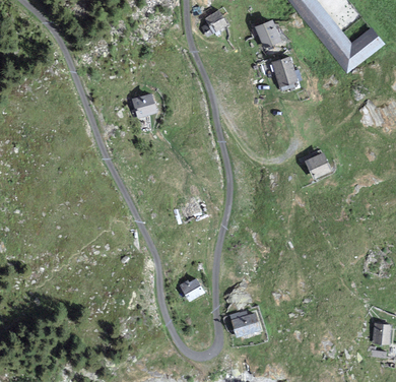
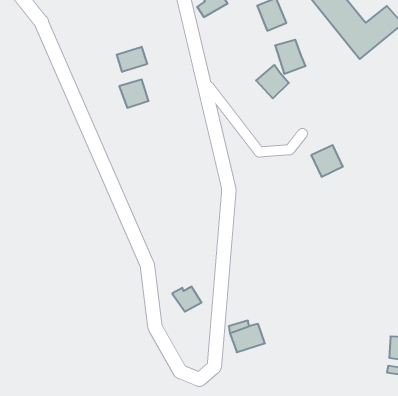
building: none -> [117,47,147,72]
building: none -> [256,65,289,98]

